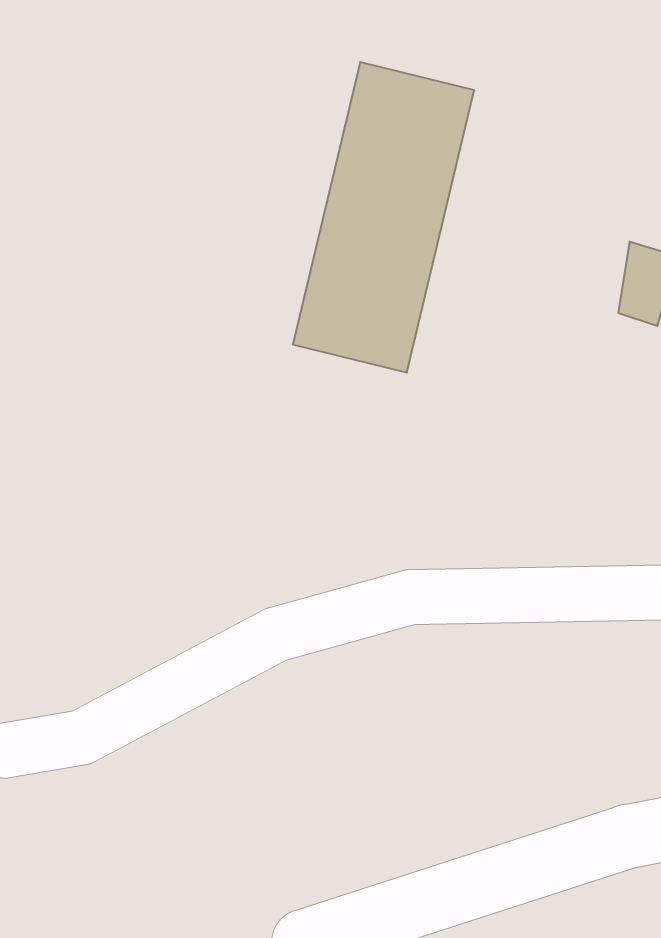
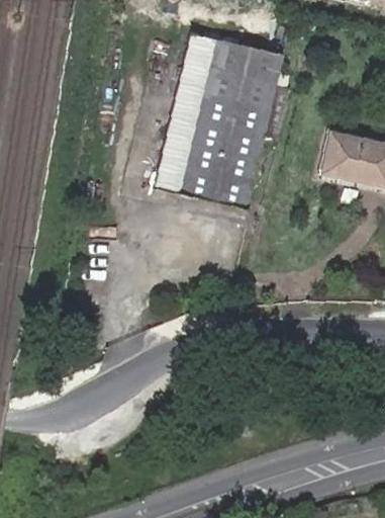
building: none -> [157,34,219,192]
building: none -> [316,125,365,175]

